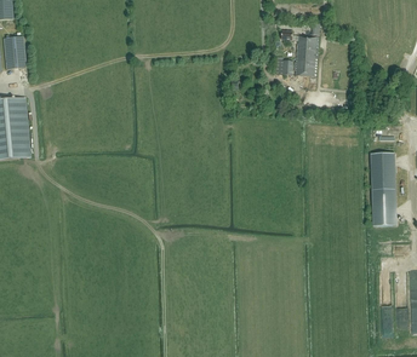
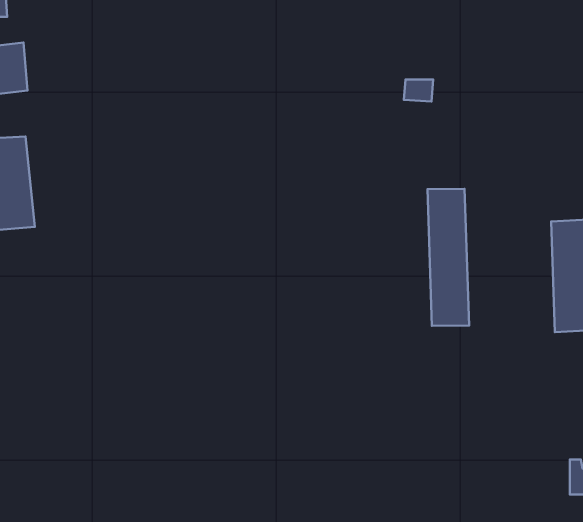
building: [280,30,318,75] -> none
building: none -> [427,189,469,326]

